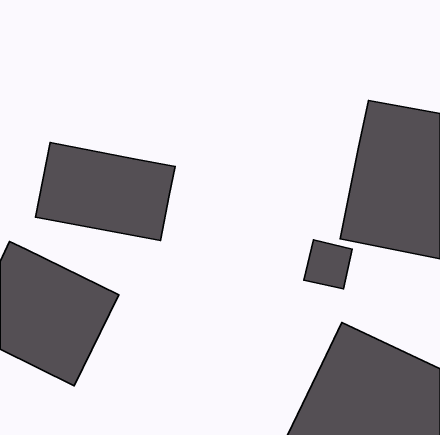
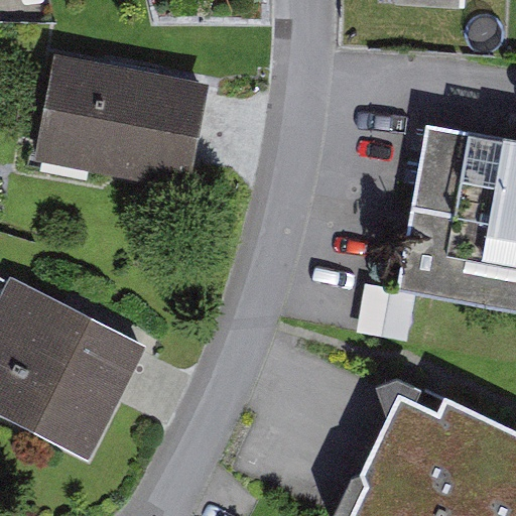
building: [36,142,175,240] -> [40,64,204,179]

